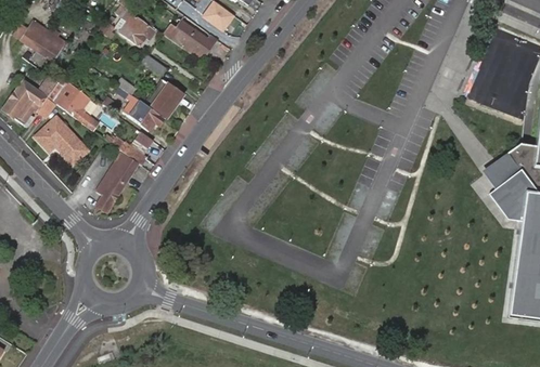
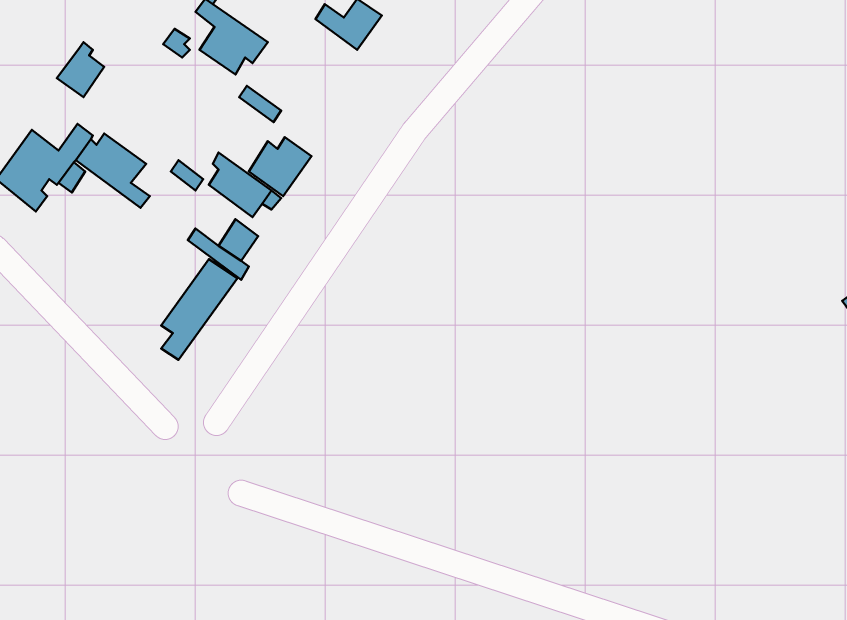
building: [13,19,52,50] -> none
building: [165,21,217,57] -> none
building: [35,114,87,162] -> none

